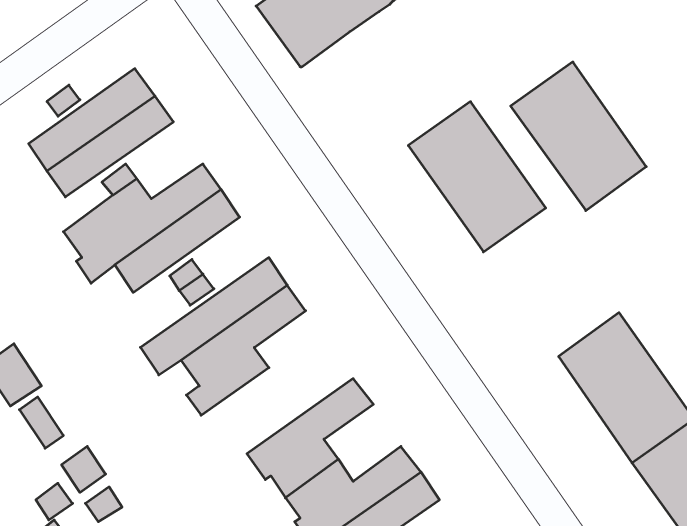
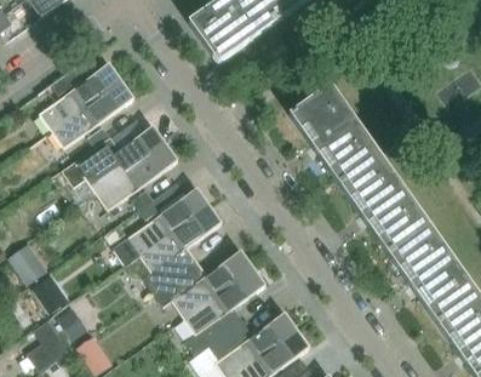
building: [511,62,646,211] -> [339,154,429,252]
building: none -> [153,250,253,316]

